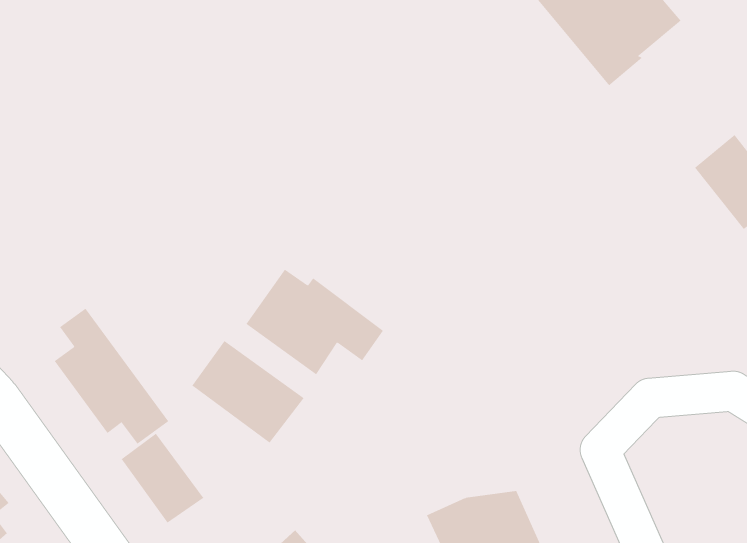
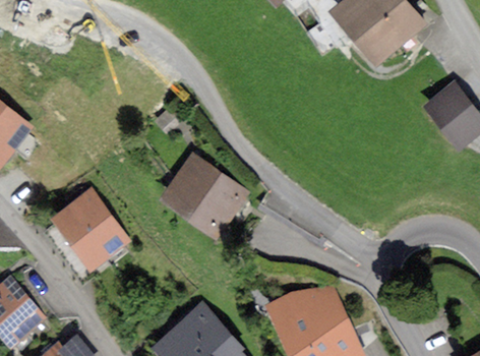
building: [191,340,305,444] -> none
building: [121,433,204,523] -> none

